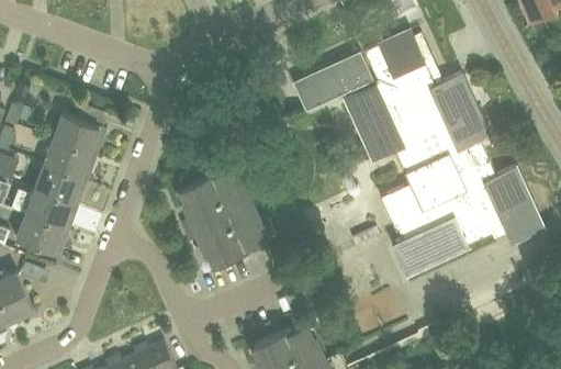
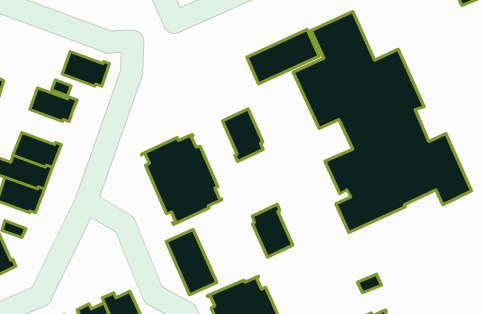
building: none -> [223,109,263,161]
building: [44,139,97,178] -> [62,52,110,86]
building: none -> [252,204,293,257]
building: none -> [166,229,217,295]

